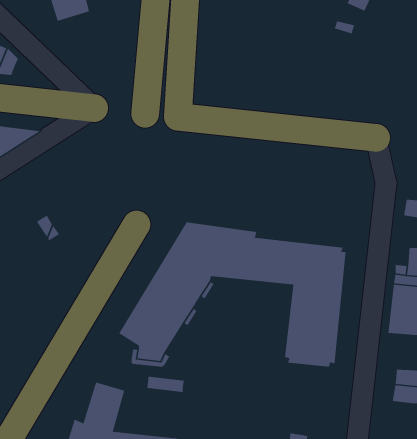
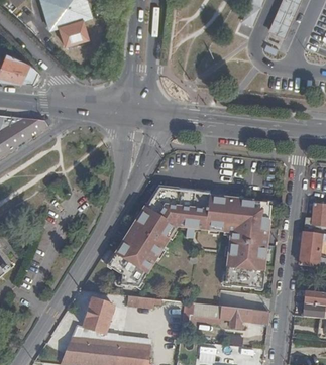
building: none -> [183,302,269,330]

